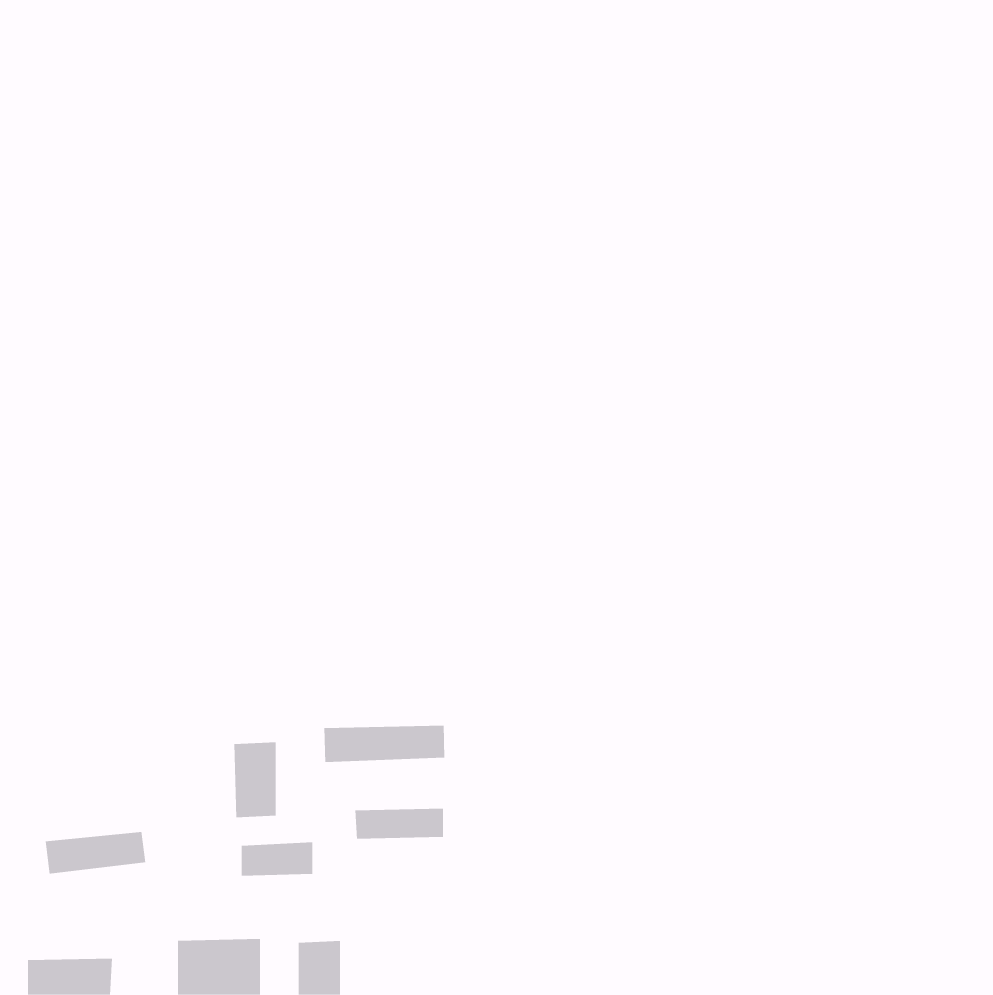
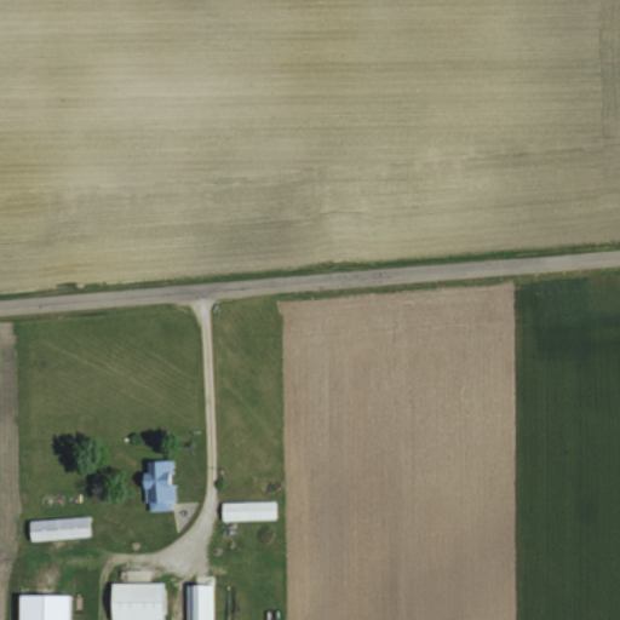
building: [324,725,445,763] -> none
building: [241,842,313,876] -> none

